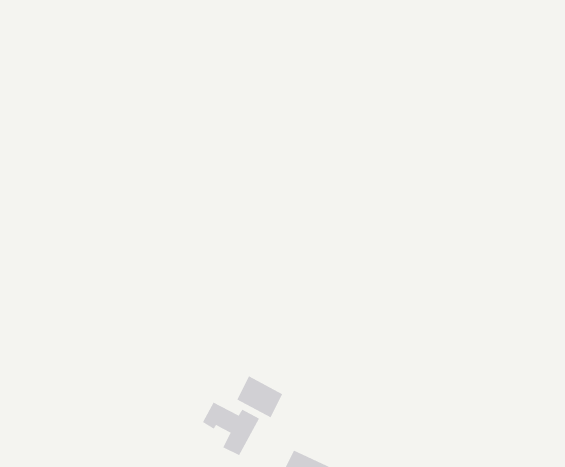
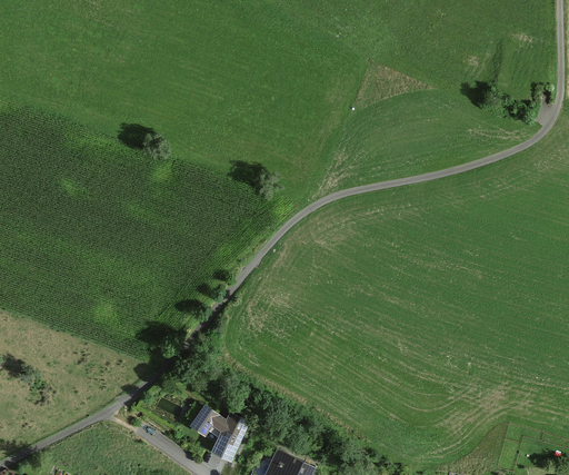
building: [237,376,283,418] -> none

